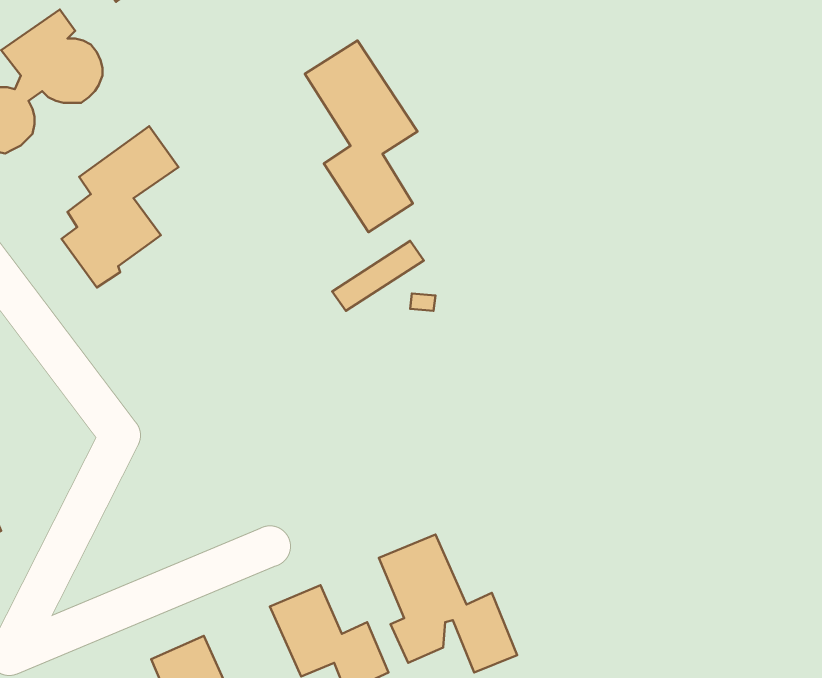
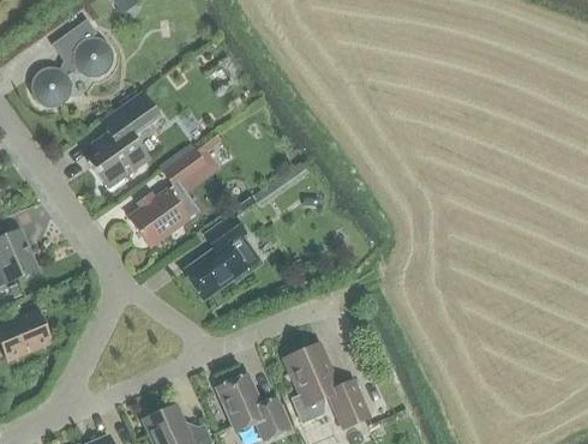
building: [305,40,417,232] -> none
building: none -> [128,146,206,245]
building: none -> [182,214,259,298]

